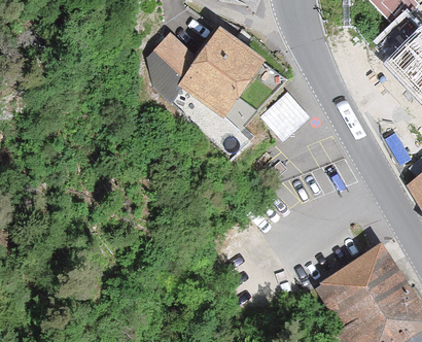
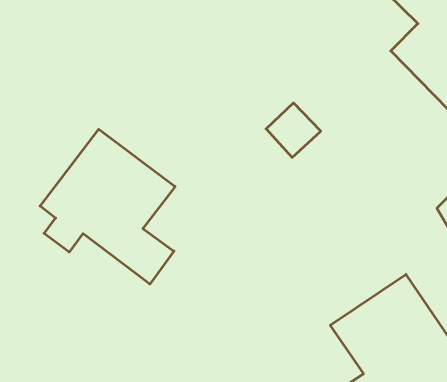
building: [145,28,287,117] -> none
building: none -> [40,129,175,284]

